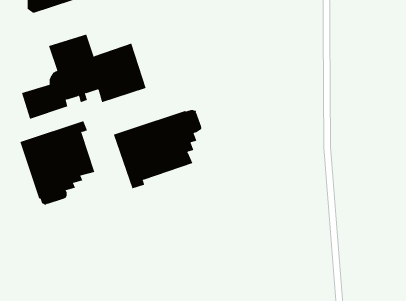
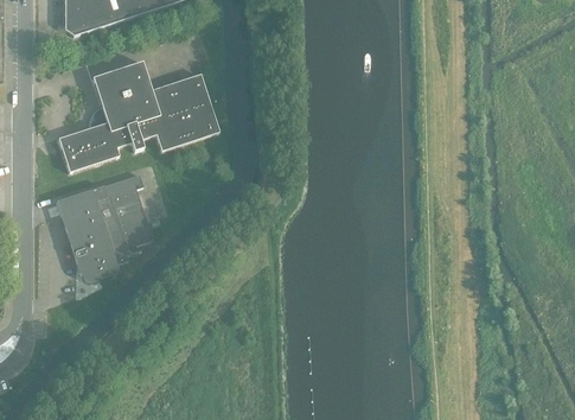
building: [113,109,202,189] -> none

